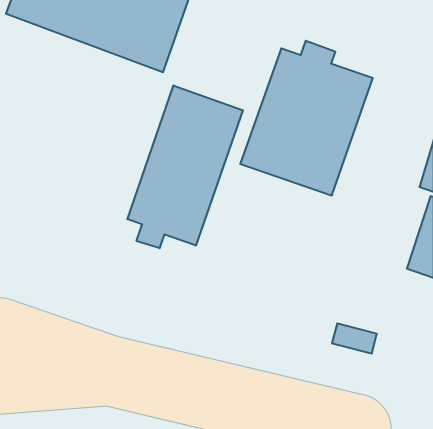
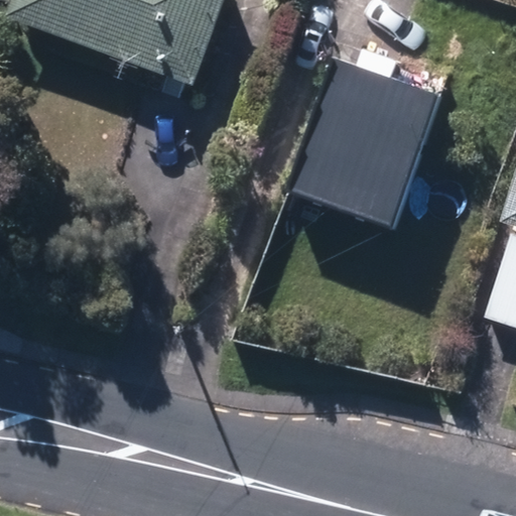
building: [127,85,243,248] -> none

